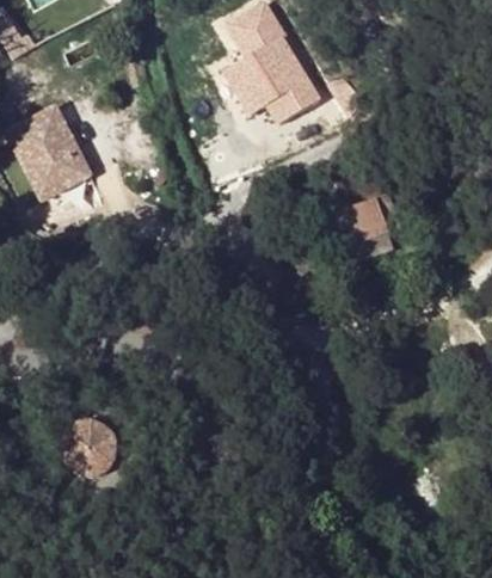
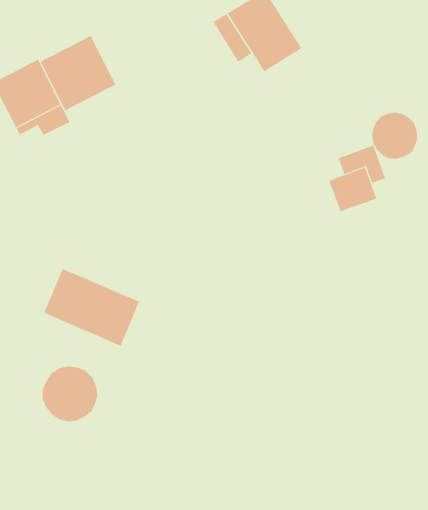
building: none -> [40,35,116,111]
building: none -> [371,112,418,160]
building: none -> [43,268,140,346]

